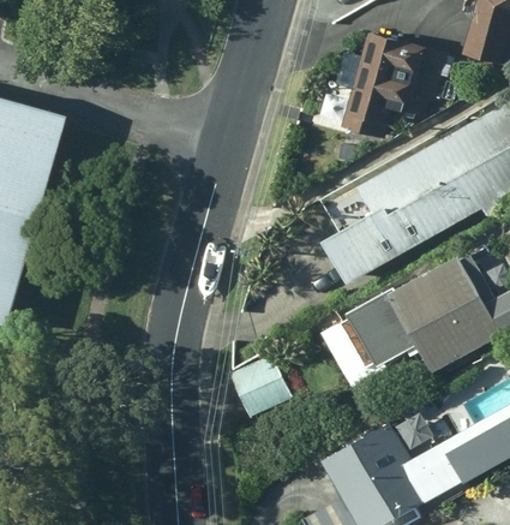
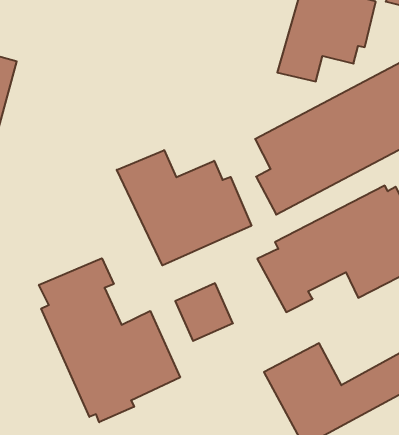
building: none -> [117,150,251,265]
building: none -> [39,258,180,422]

